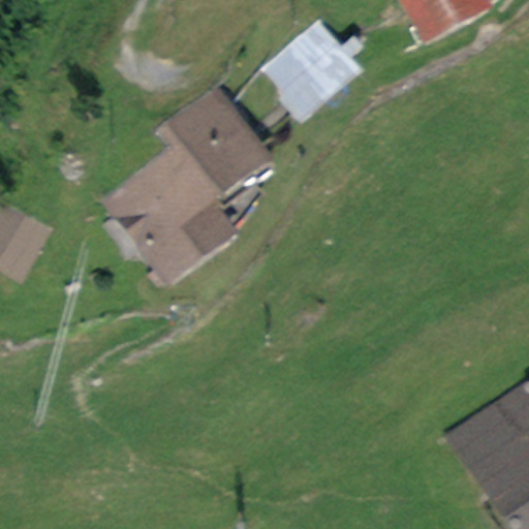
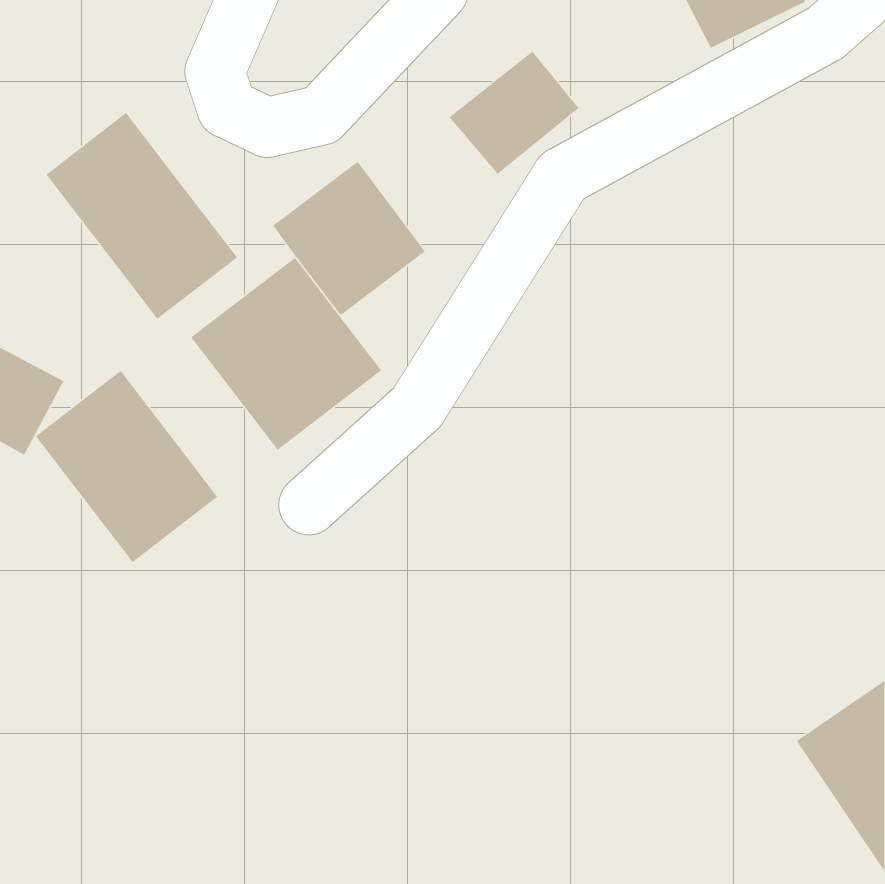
building: none -> [45,112,238,320]
building: none -> [35,370,218,563]

